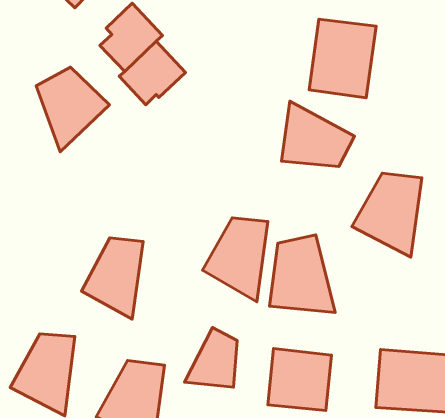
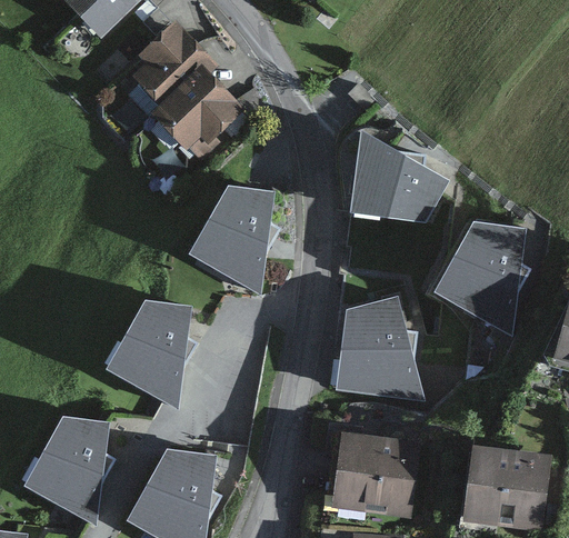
building: [309,19,376,98] -> none
building: [36,67,109,152] -> none
building: [202,218,268,302] -> [191,191,270,292]
building: [185,327,237,387] -> none

